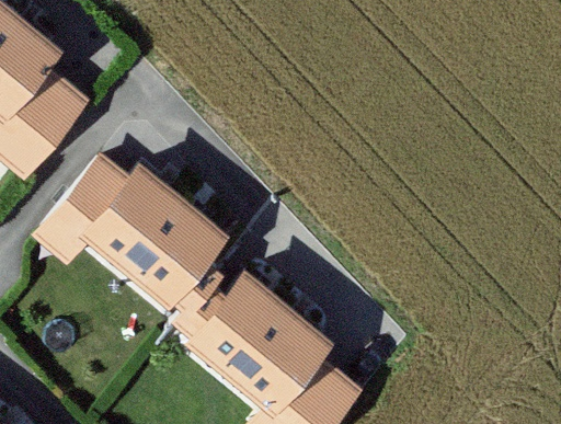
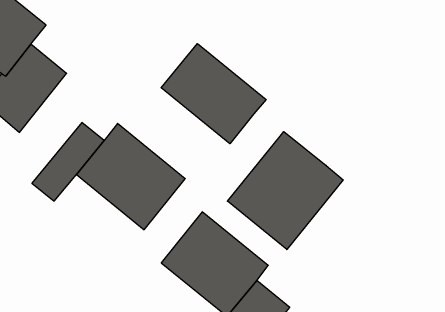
building: none -> [161,44,266,144]
building: none -> [227,132,343,250]

